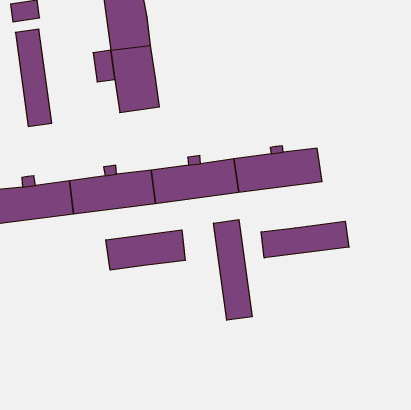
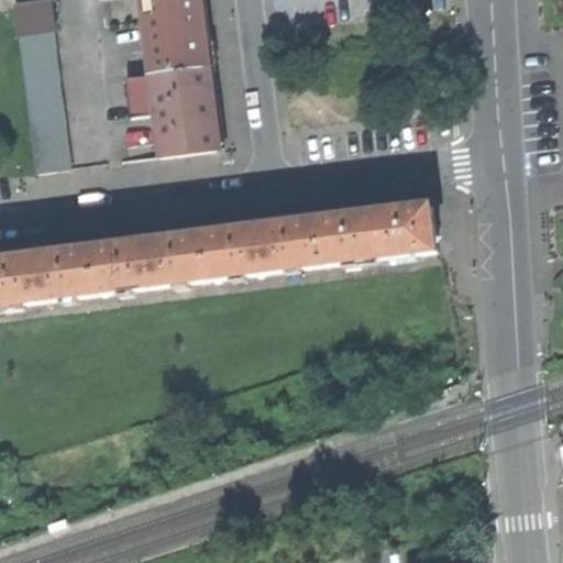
building: [214,220,252,320] -> none
building: [261,221,349,258] -> none
building: [106,230,185,270] -> none

